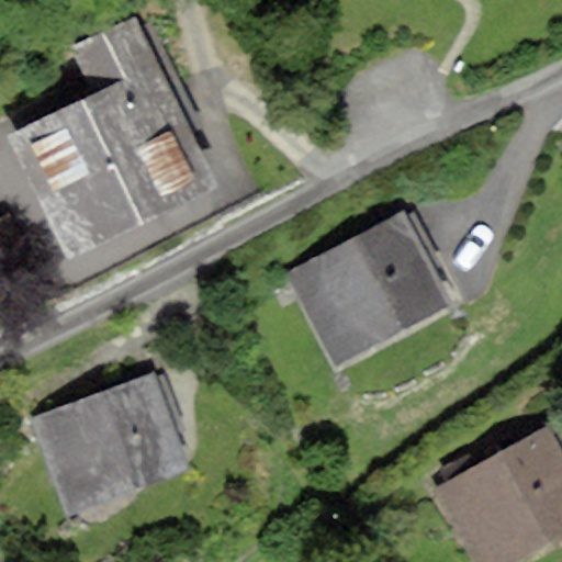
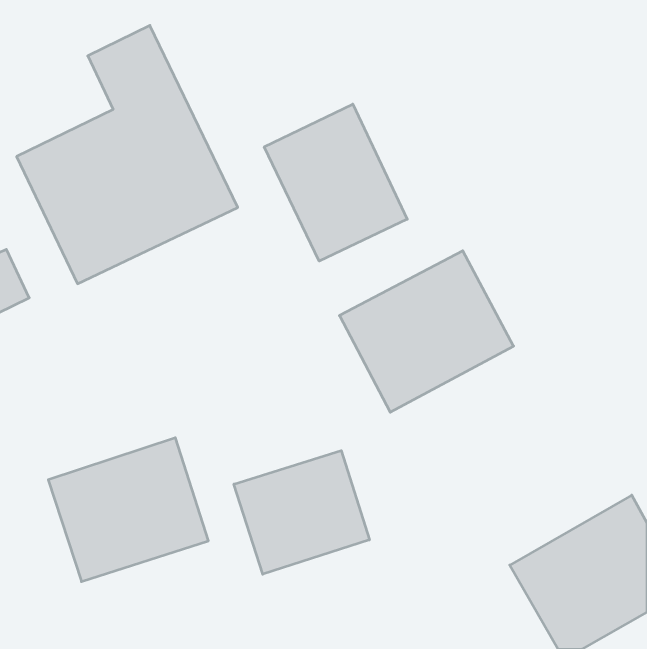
building: none -> [264,104,407,261]
building: none -> [234,451,369,574]

